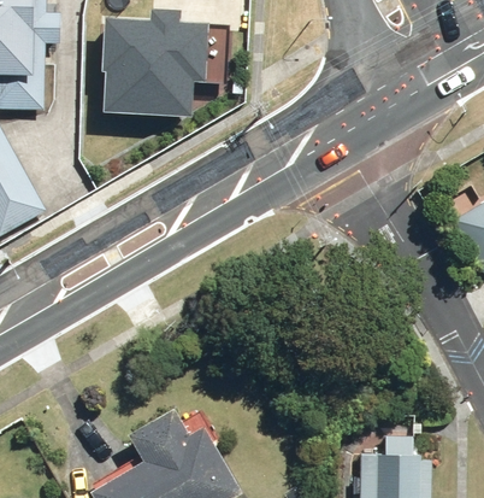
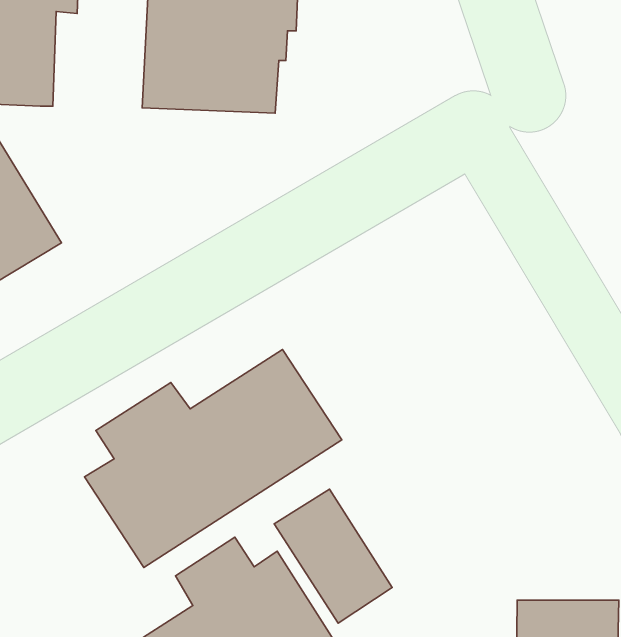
building: none -> [84,349,342,567]
building: none -> [274,489,392,623]

